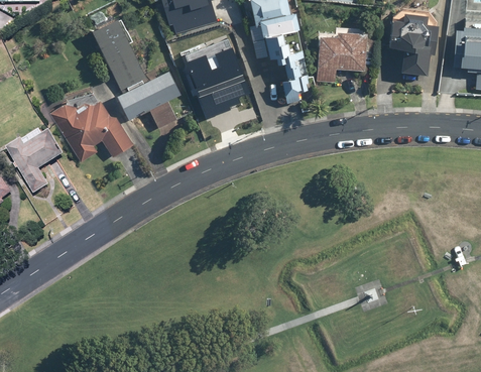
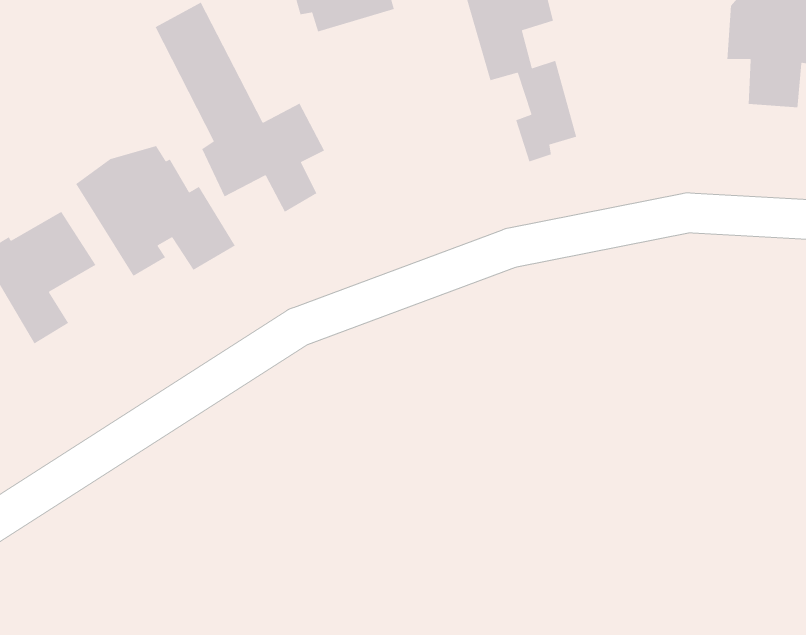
building: [317,27,367,83] -> none
building: [175,32,251,114] -> none

